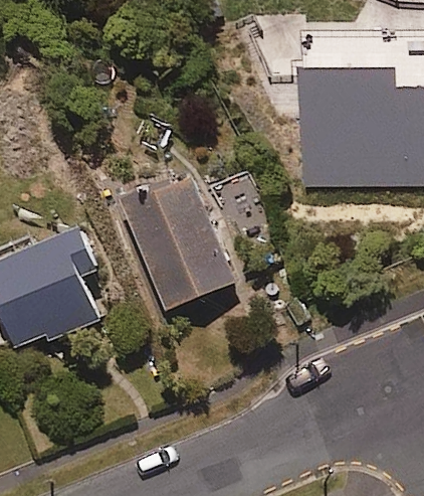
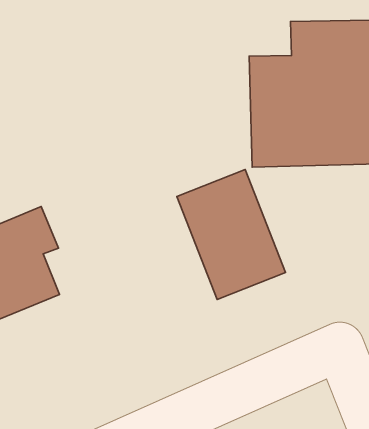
building: [122,175,235,311] -> [177,169,286,300]

